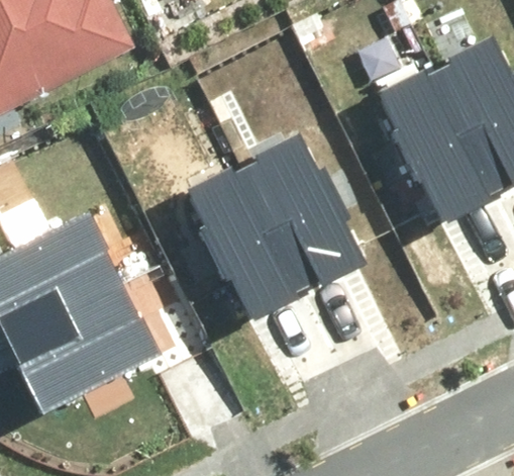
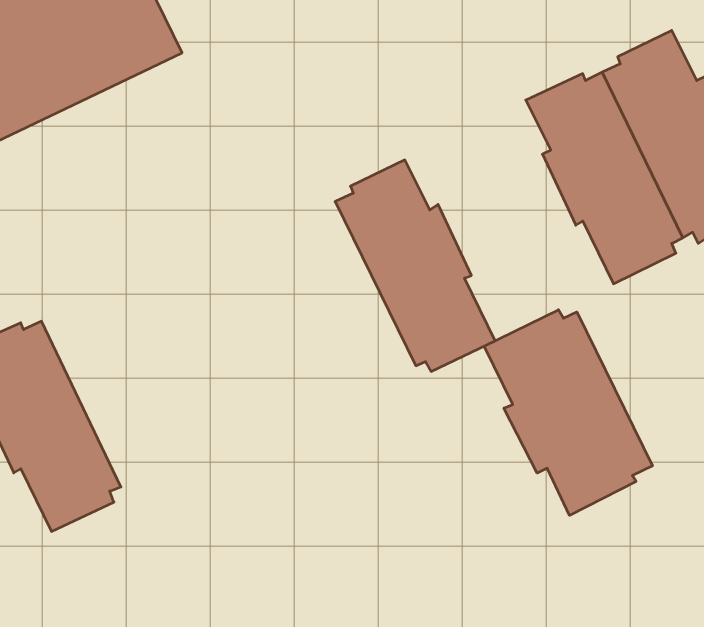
building: [190,162,304,314] -> none
building: [32,218,147,372] -> none
building: none -> [484,310,652,515]

